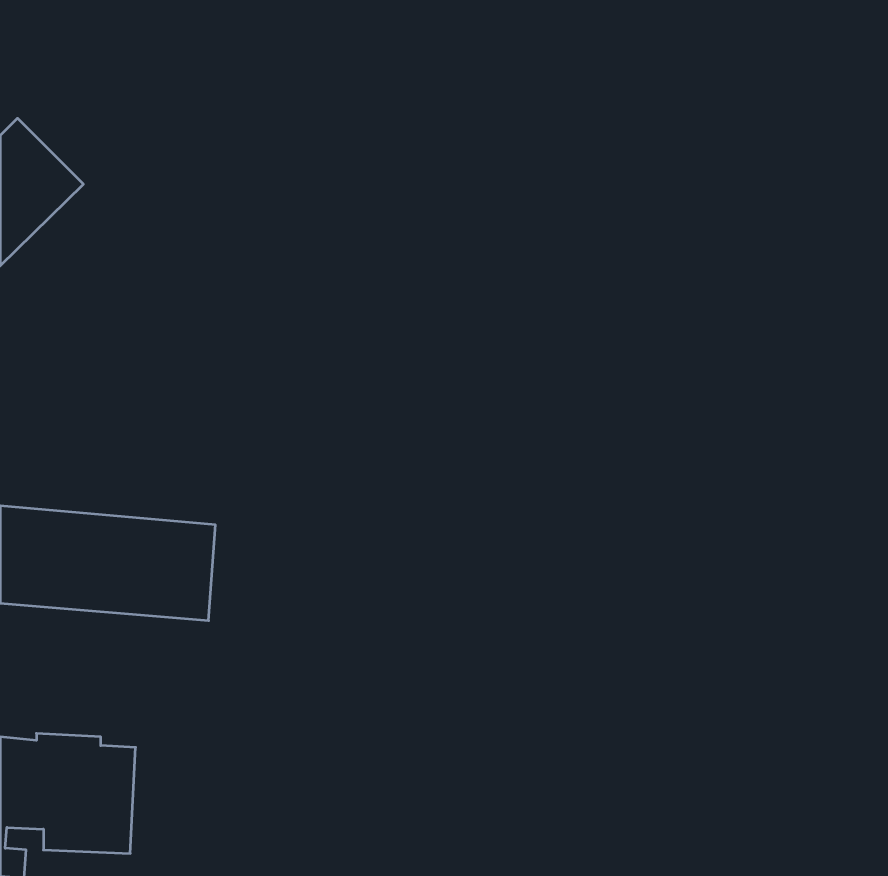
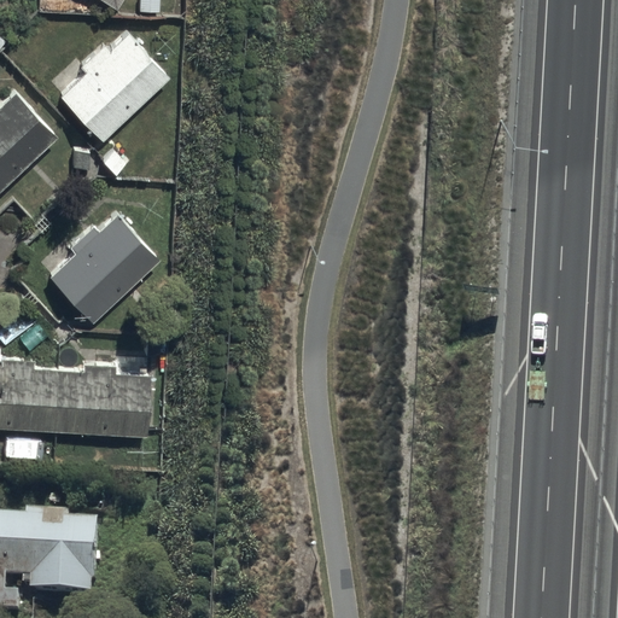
building: none -> [56,31,167,144]
building: none -> [39,210,156,326]

